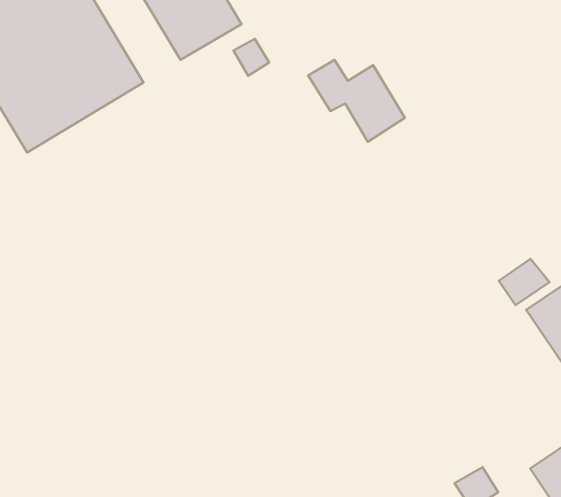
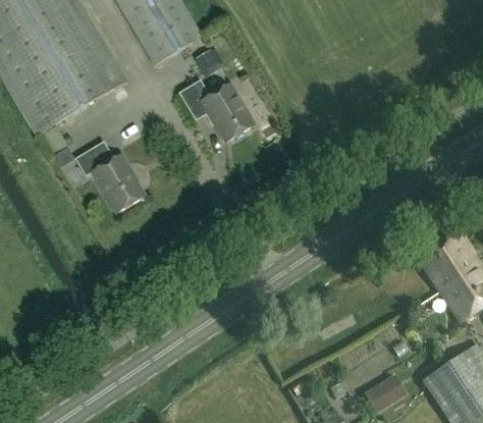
building: [308,60,405,142] -> [178,80,253,143]
building: none -> [74,140,144,213]
building: [499,259,549,305] -> none

